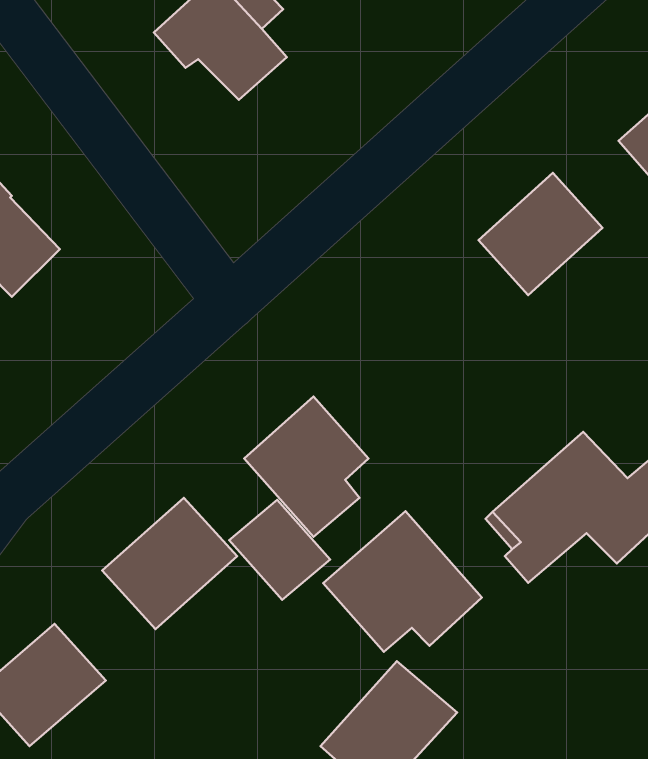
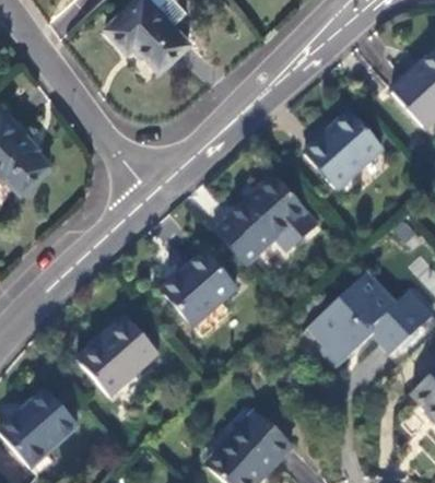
building: none -> [215,177,317,266]
building: [229,500,330,600] -> none
building: [323,511,482,652] -> none

